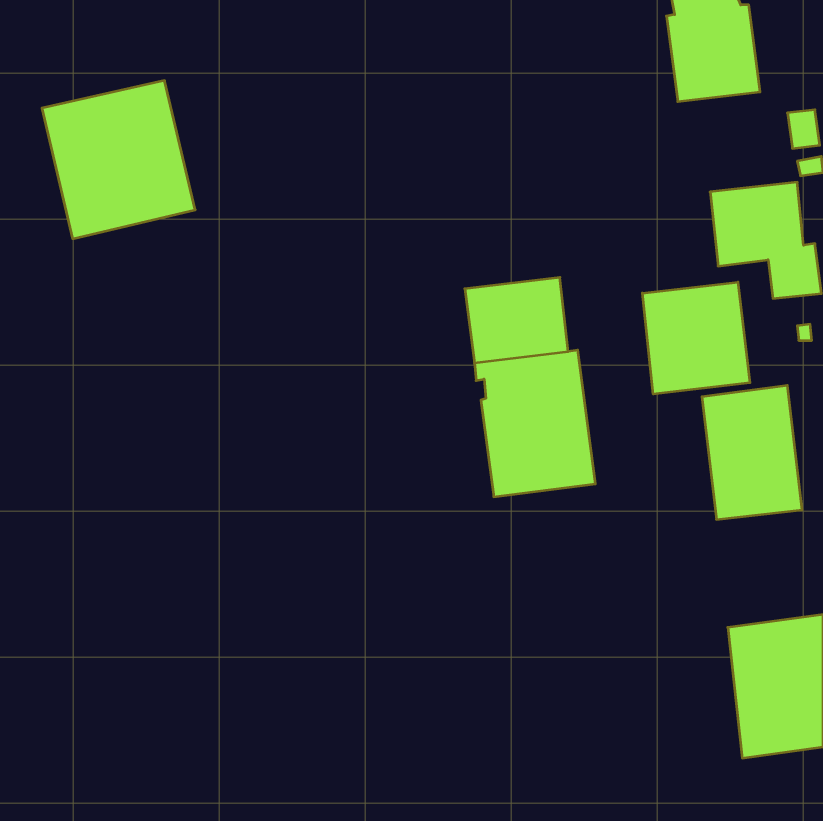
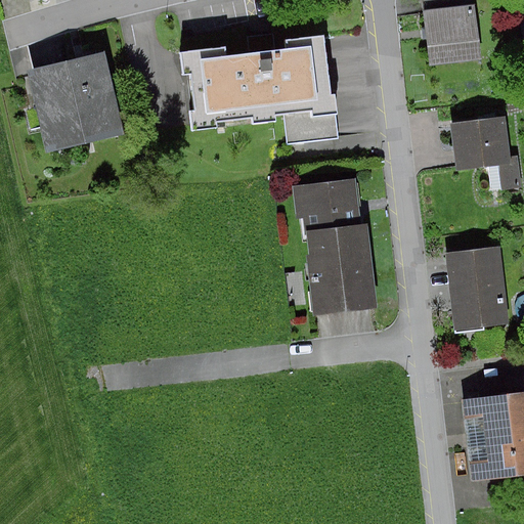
building: none -> [182,34,338,143]
building: [642,282,750,394] -> none

